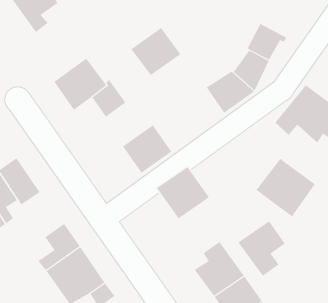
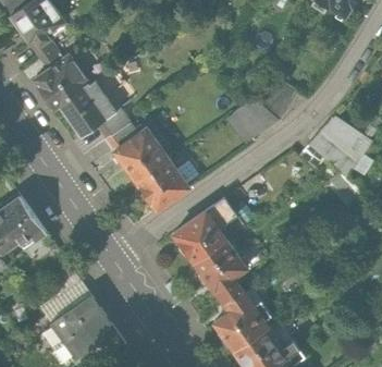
building: none -> [34,48,91,115]
building: [247,23,287,60] -> none
building: [131,27,181,76] -> [113,130,169,183]
building: [256,158,316,217] -> none
building: [238,221,285,276] -> [196,238,248,299]

